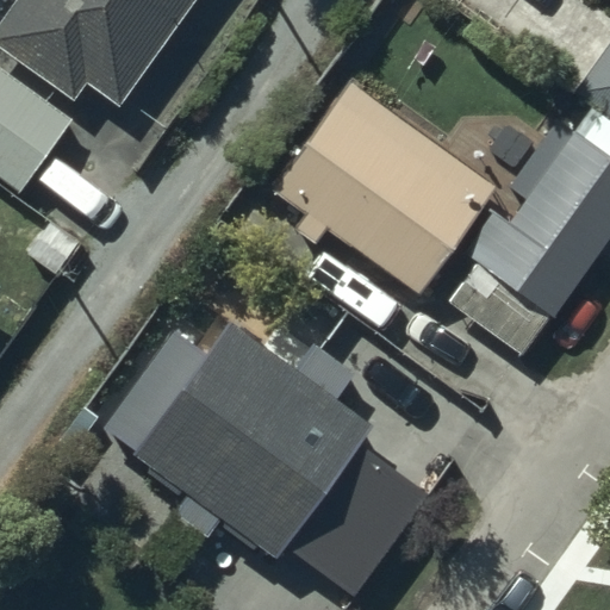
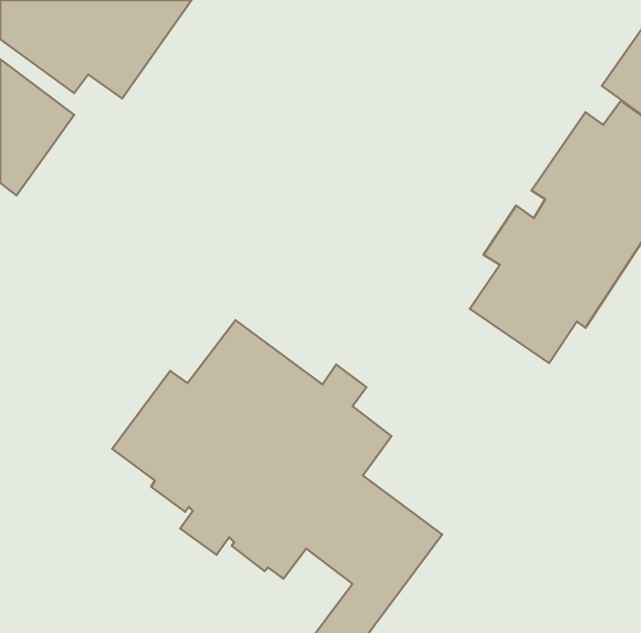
building: [270,79,498,295] -> none

